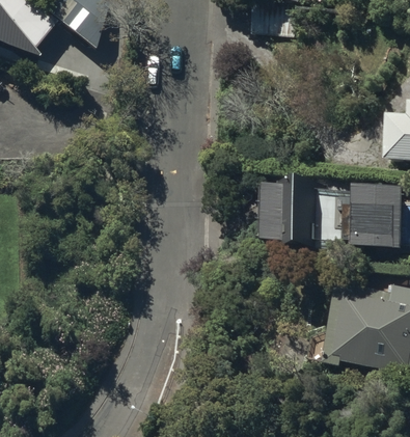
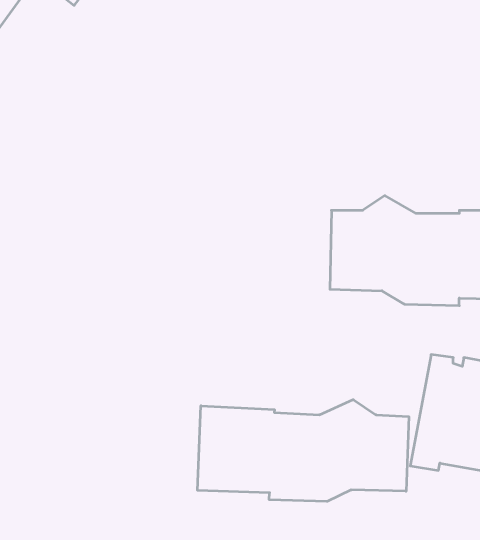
building: none -> [198,400,409,501]

